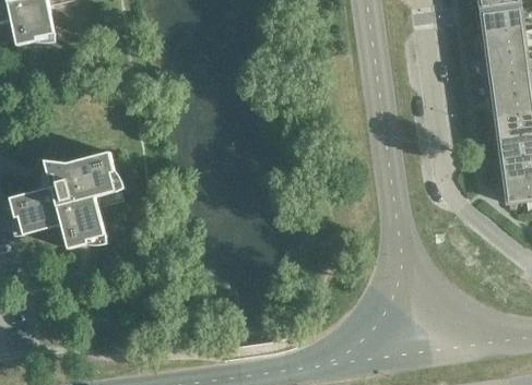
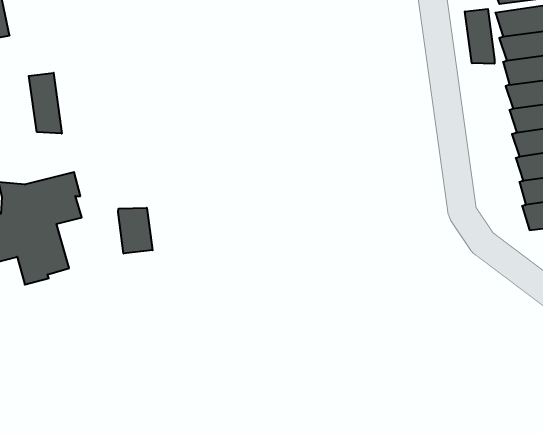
building: none -> [465,9,495,64]
building: none -> [29,73,62,134]
building: none -> [118,208,153,254]

